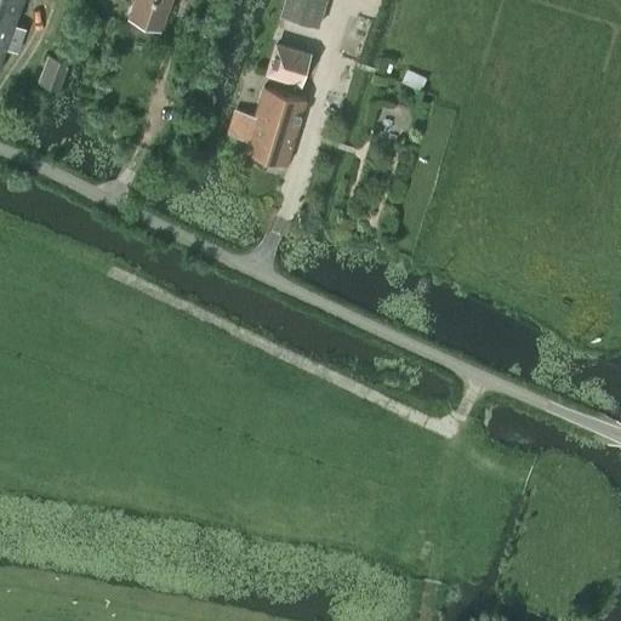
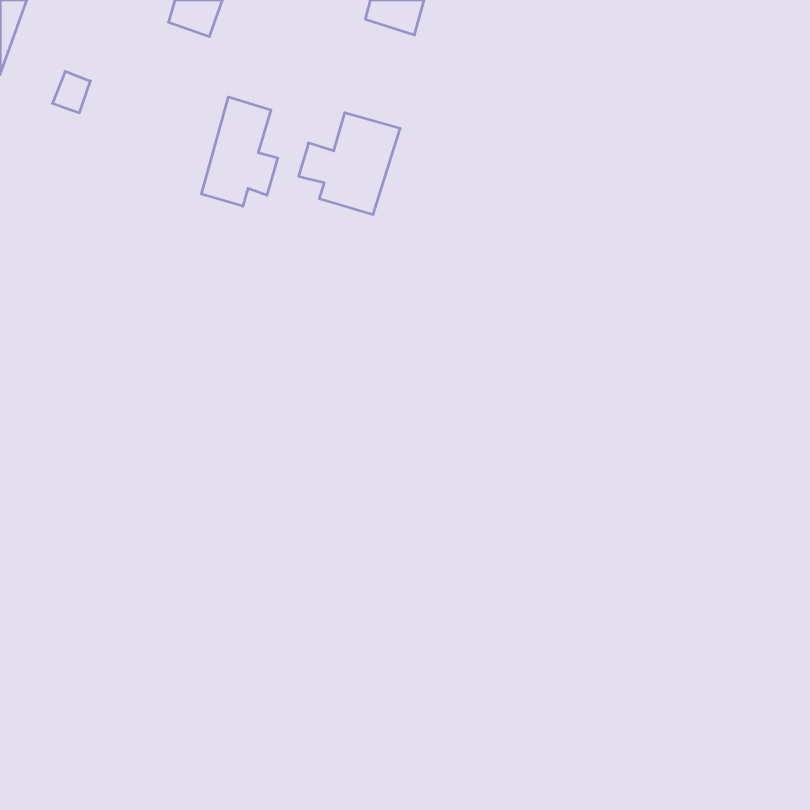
building: [268,46,309,82] -> none
building: none -> [201,97,278,206]

